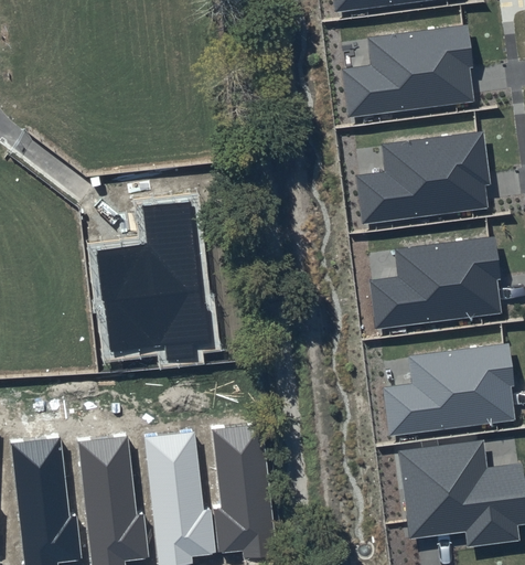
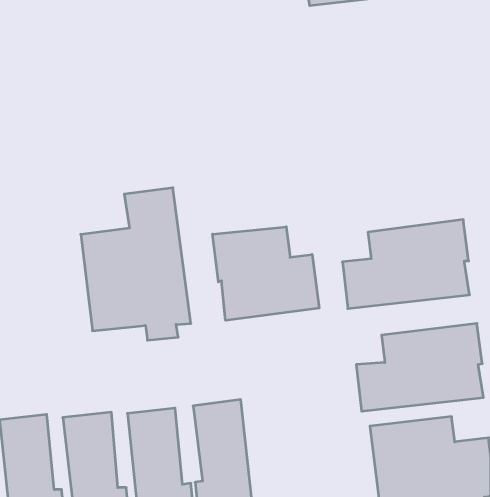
building: [342,24,474,116] -> none
building: [355,131,490,223] -> none
building: none -> [213,227,319,320]

